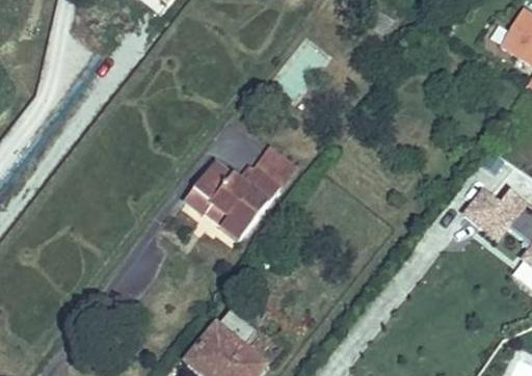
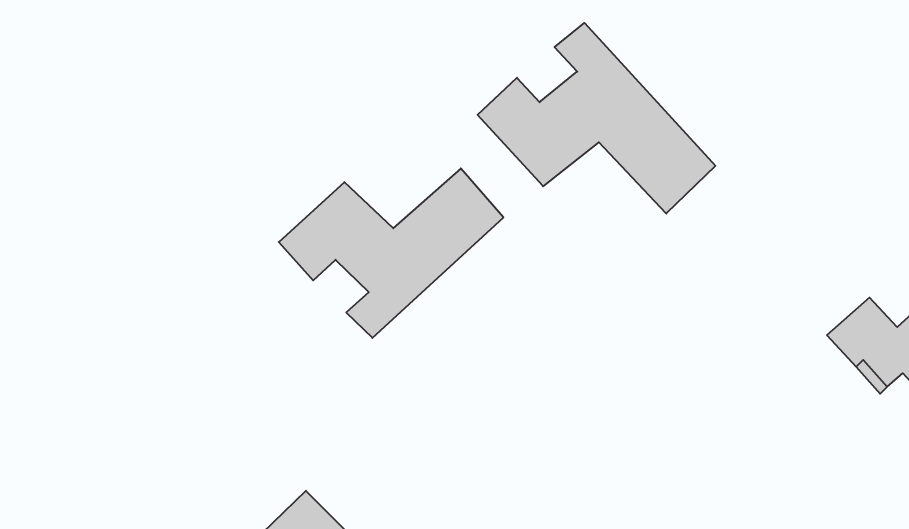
building: none -> [478,23,715,214]

